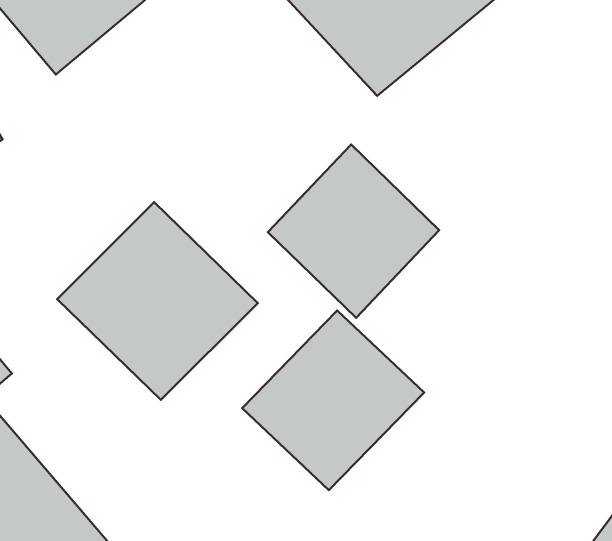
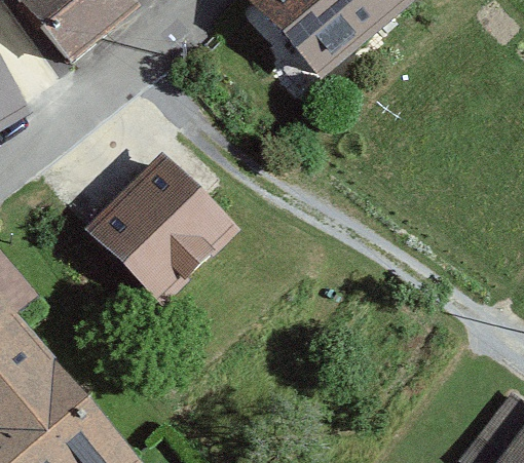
building: [268,144,439,318] -> none
building: [242,310,424,490] -> none

